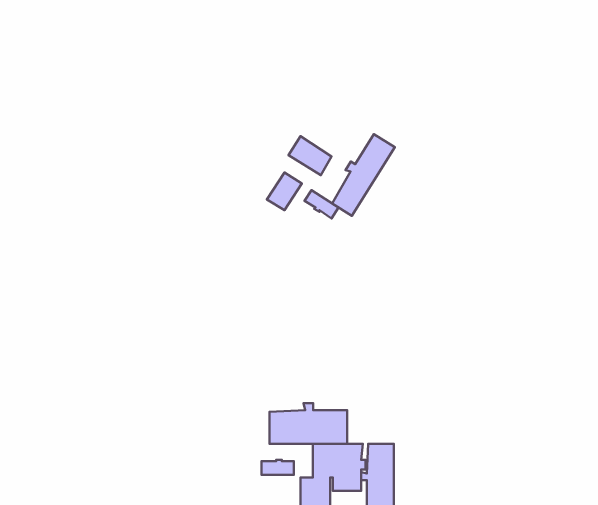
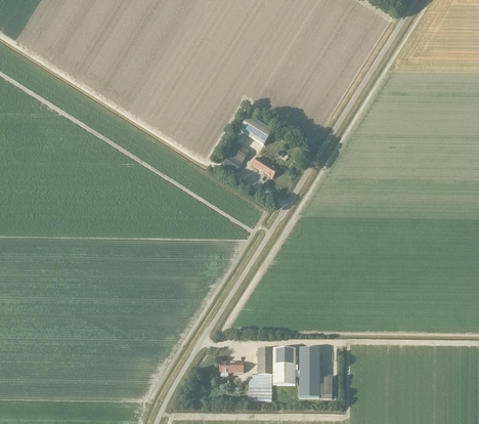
building: [332,134,395,216] -> none
building: [269,403,347,444] -> none

